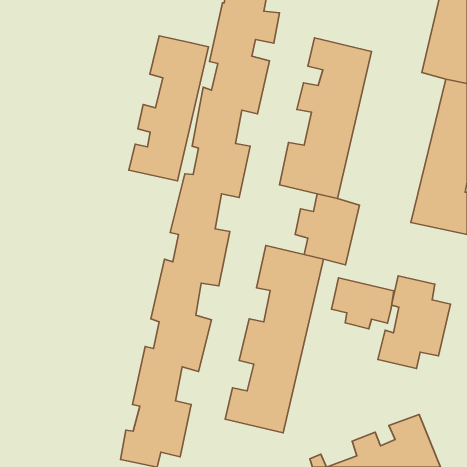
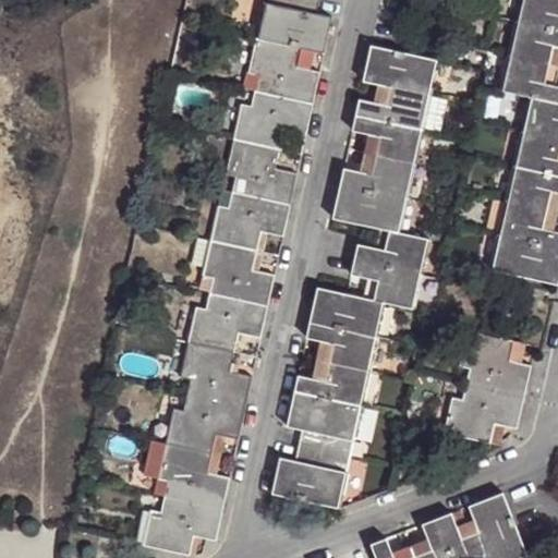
building: [129,36,208,181] -> none
building: [332,278,394,329] -> none

